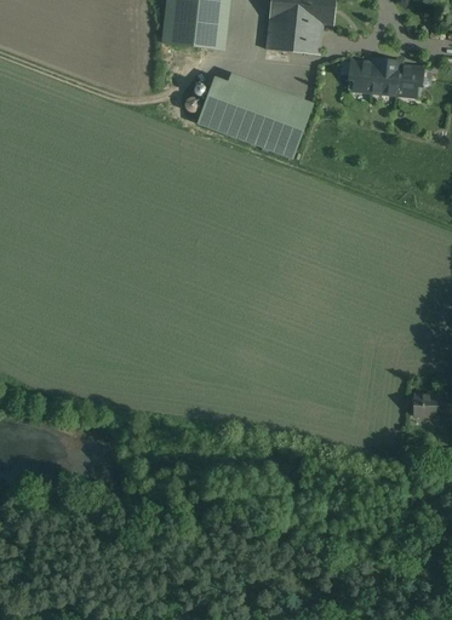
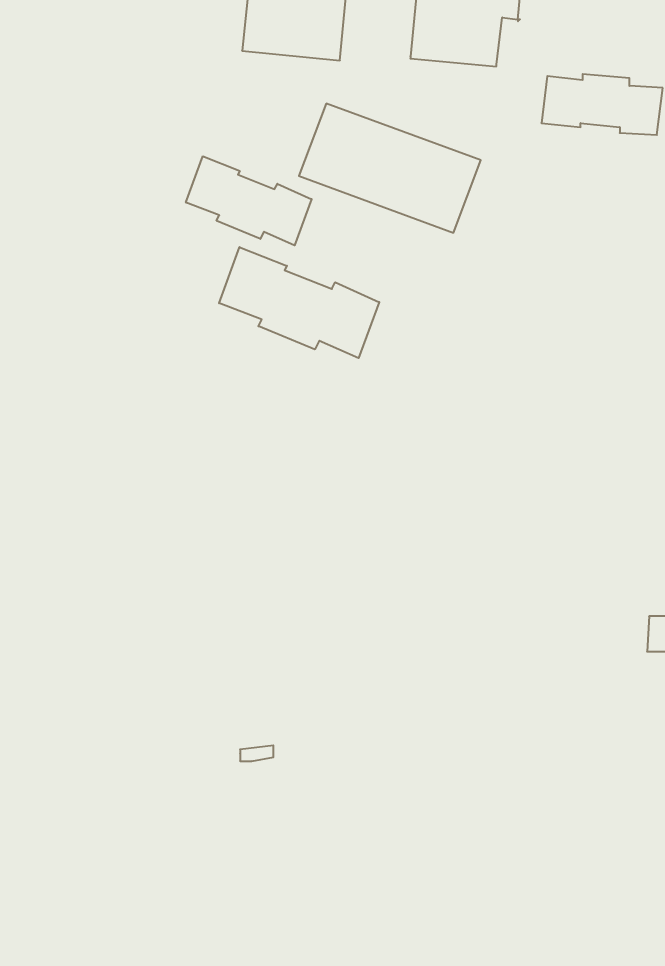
building: none -> [186,156,312,245]
building: none -> [219,247,379,358]

